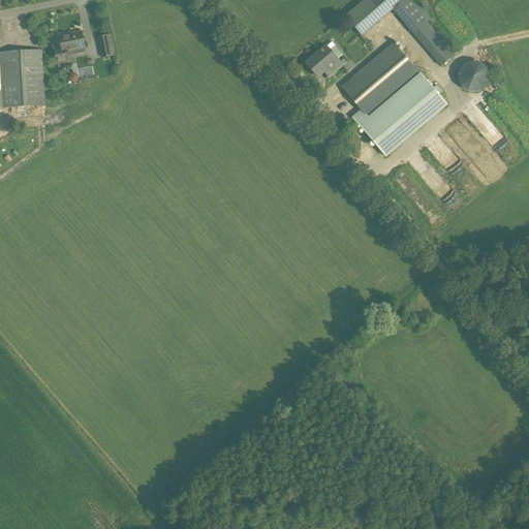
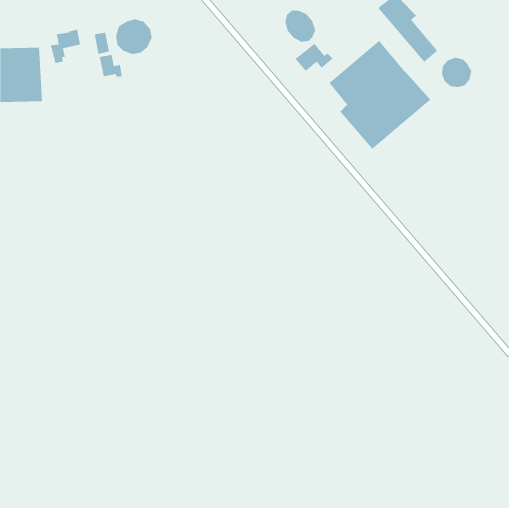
building: none -> [284,10,316,42]
building: none -> [115,19,153,55]
building: none -> [99,54,123,78]

